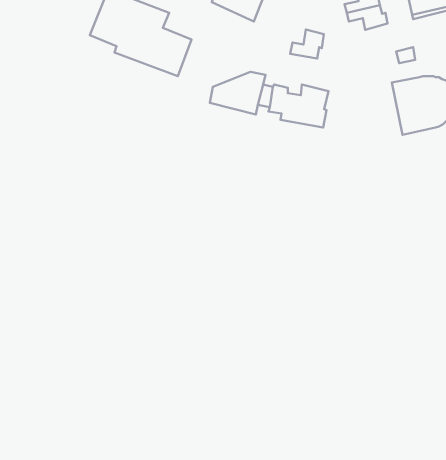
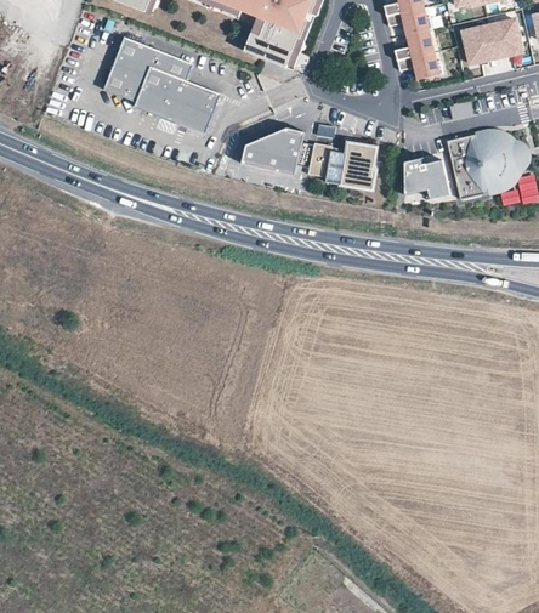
building: [290,29,324,58] -> none
building: none -> [403,155,448,197]

